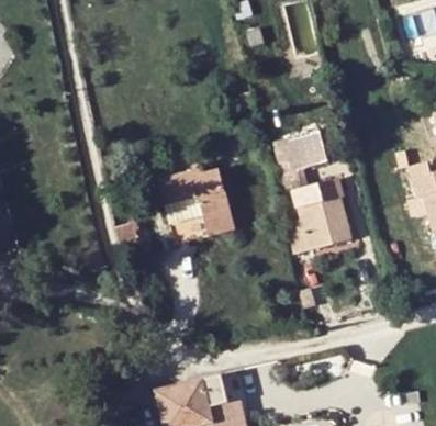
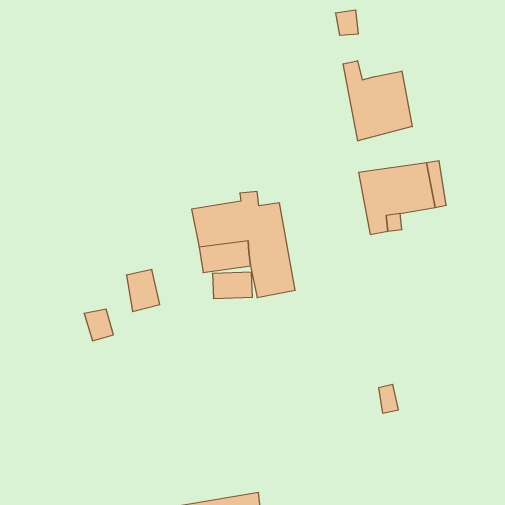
building: none -> [343,61,412,141]
building: [287,180,353,255] -> none

